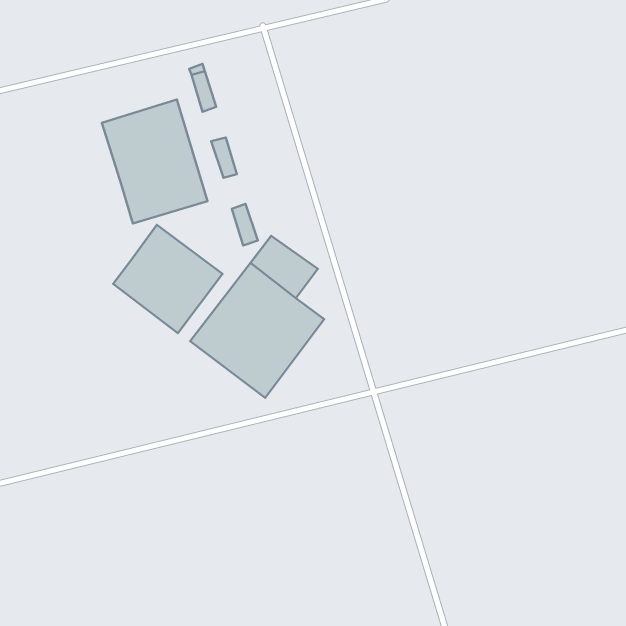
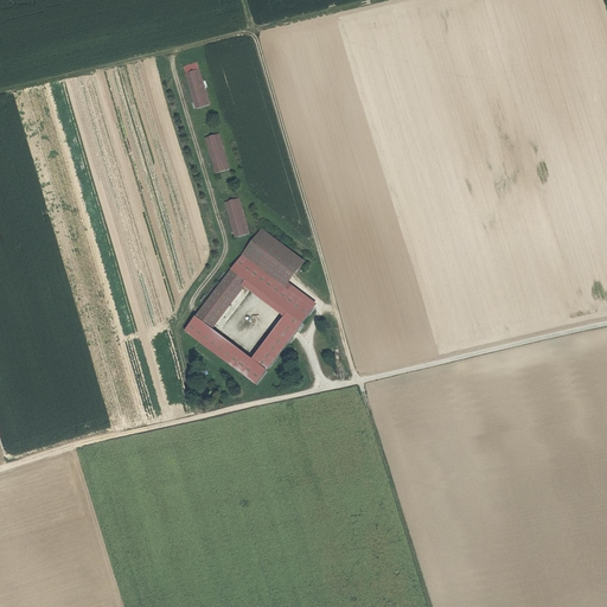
building: [102,99,208,223] -> none
building: [113,225,223,333] -> none

